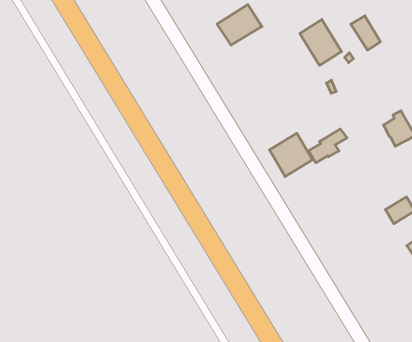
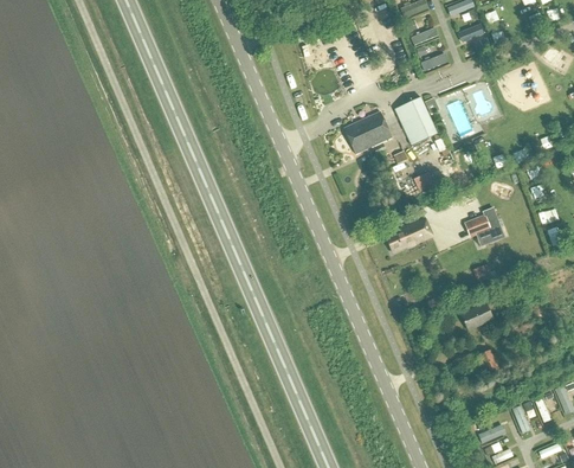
building: [217,5,262,45] -> [342,111,391,153]
building: [269,133,313,177] -> none

